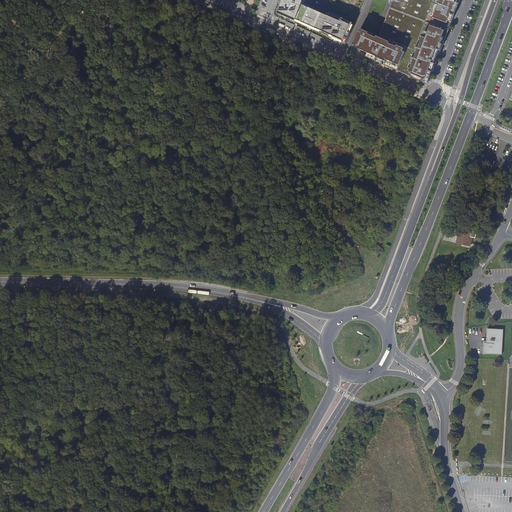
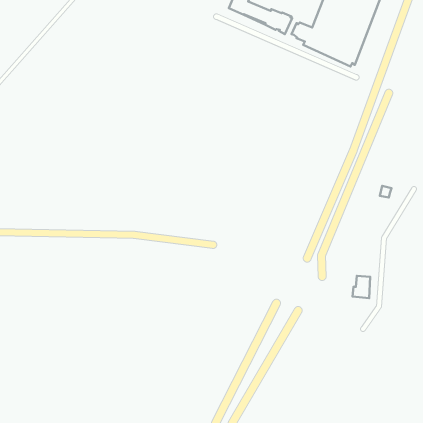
building: [479,324,500,351] -> [353,276,370,298]

